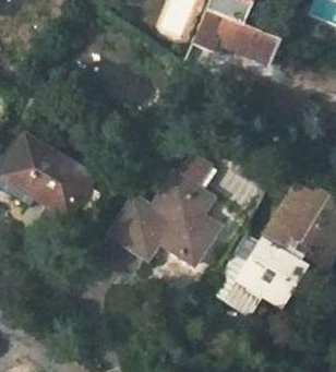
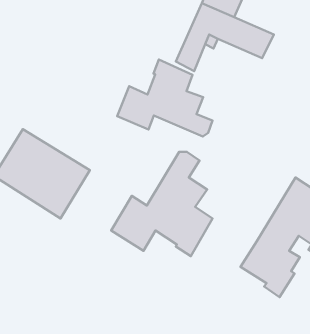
building: none -> [117,60,213,137]
building: [213,239,272,317] -> none

